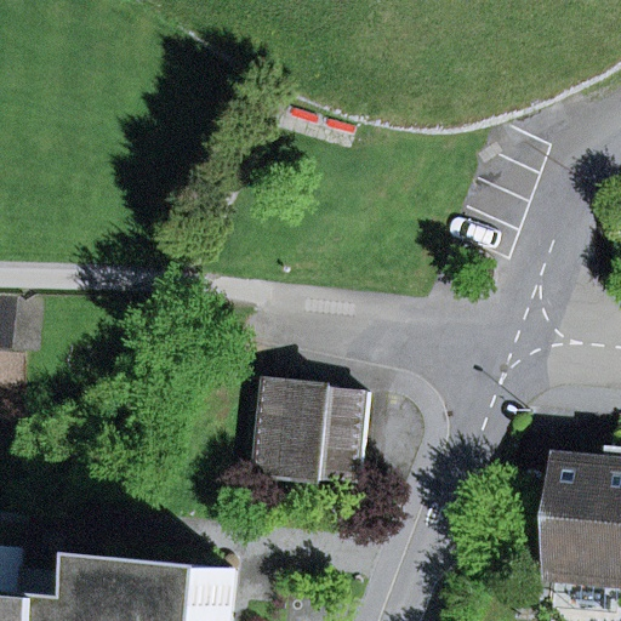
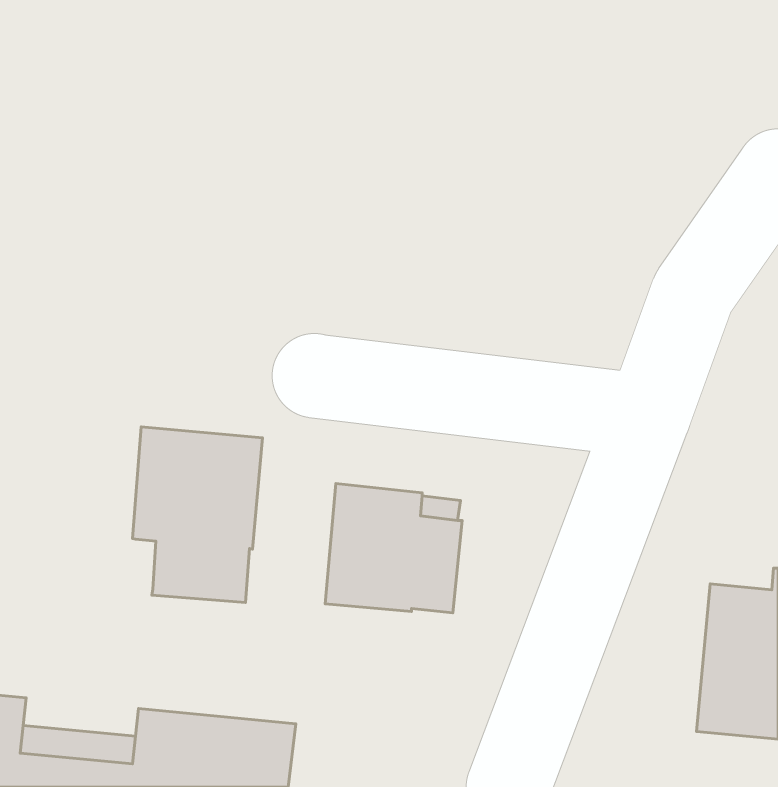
building: none -> [133,427,263,602]

